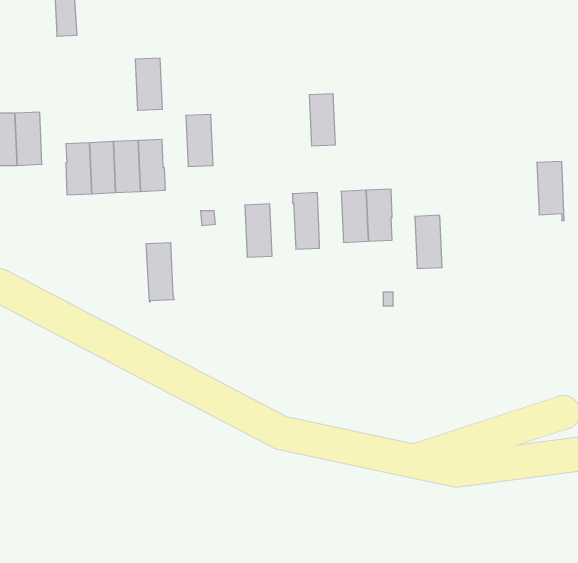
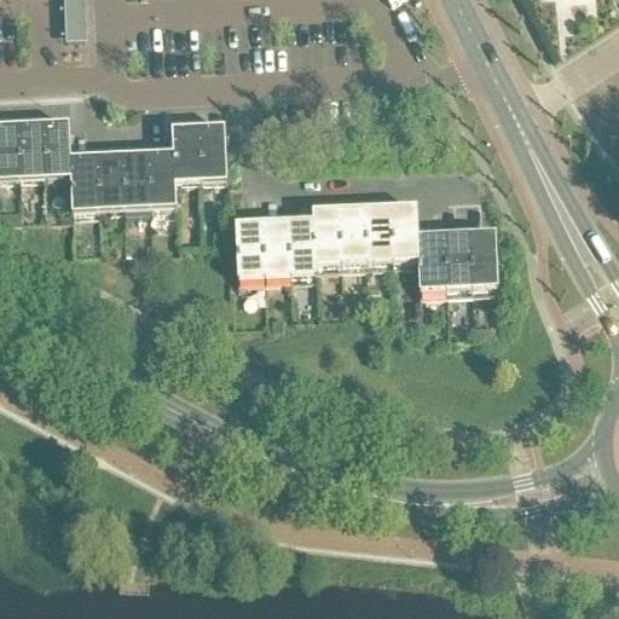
building: [135,58,162,110] -> [172,123,201,179]
building: [309,94,335,146] -> [339,204,366,260]
building: none -> [42,118,71,175]
building: [537,162,564,220] -> [469,228,498,291]
building: none -> [288,216,317,273]
building: none -> [417,231,445,294]
building: [146,243,174,302] -> [235,219,265,282]

